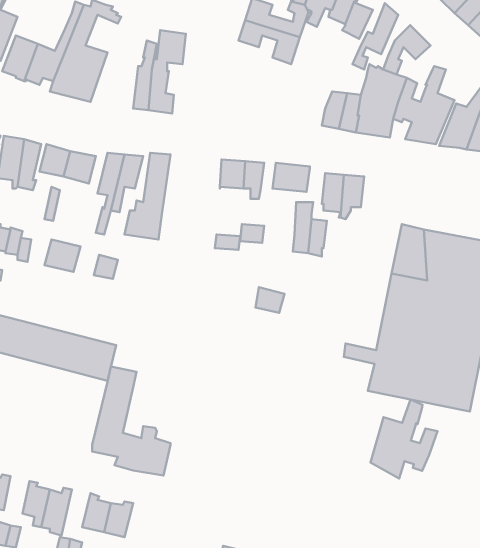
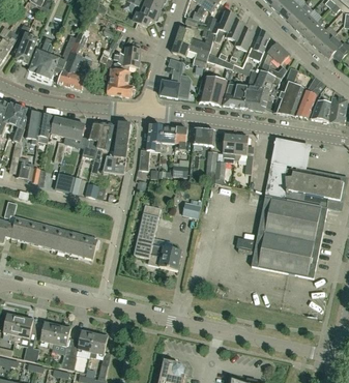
building: none -> [159,57,191,97]
building: none -> [198,76,227,105]
building: none -> [139,123,162,170]
building: none -> [270,137,311,169]
building: [92,367,170,475] -> [134,203,181,269]
building: [370,400,437,478] -> none

